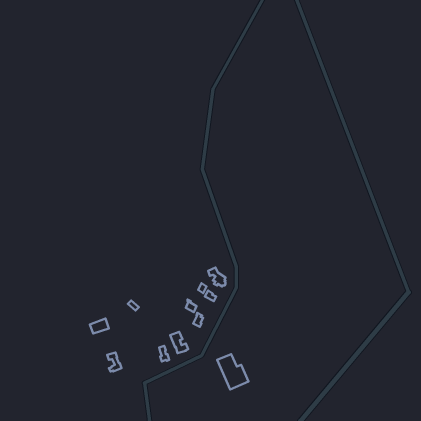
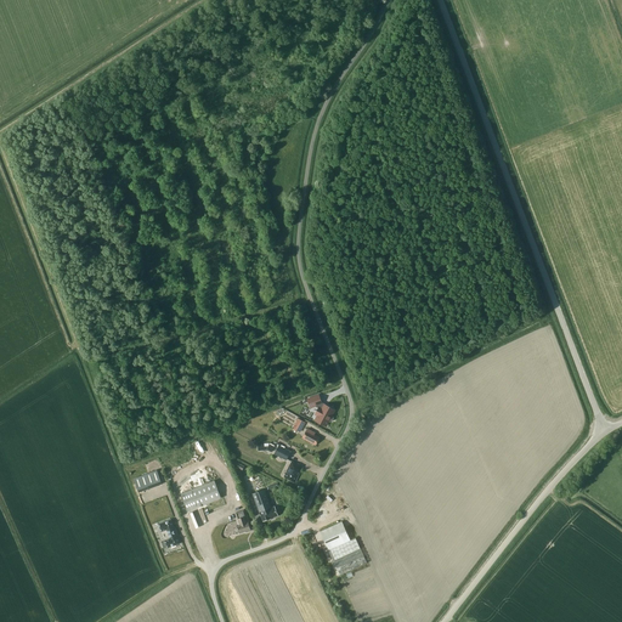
building: none -> [180,480,220,510]

